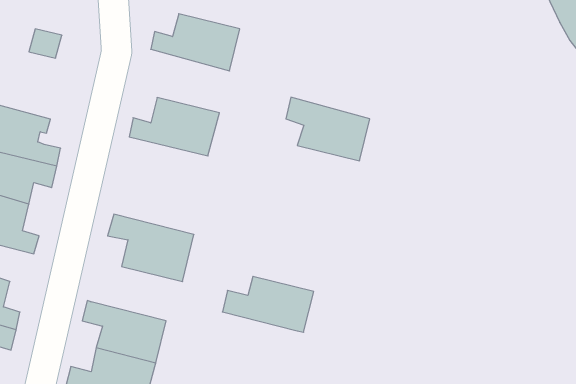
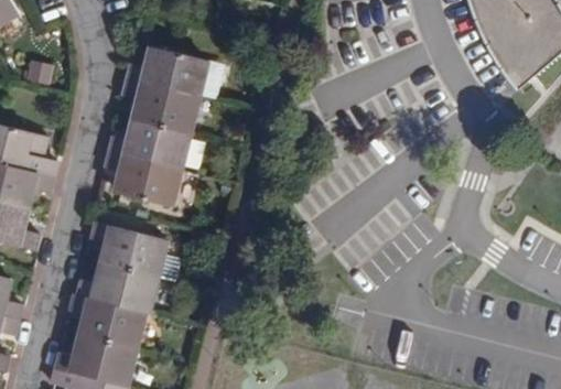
building: [286,97,370,161] -> [128,76,201,131]
building: none -> [109,152,182,207]
building: [222,276,314,332] -> [80,264,160,313]

